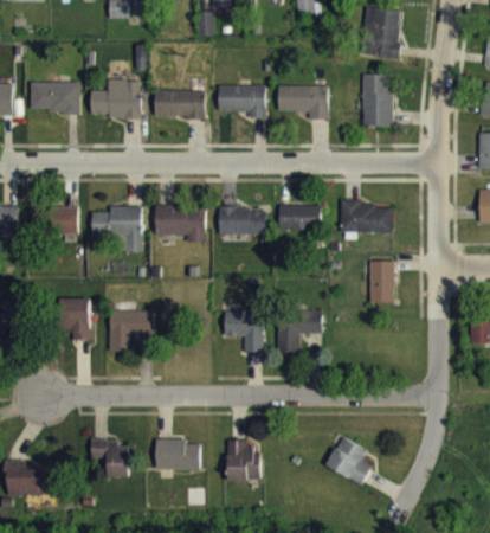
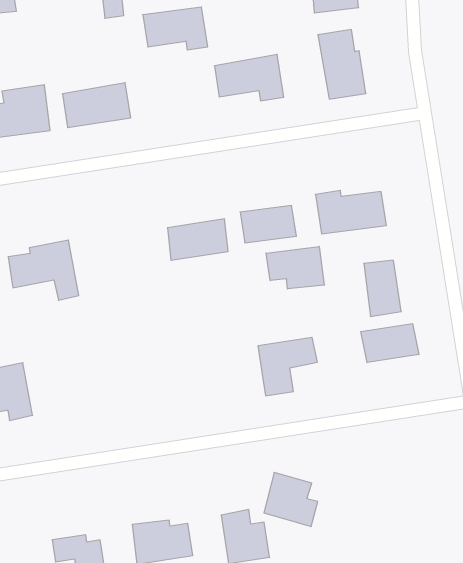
building: [218,84,265,117] -> [143,7,208,50]
building: [155,205,206,240] -> none
building: none -> [266,246,324,289]
building: [109,309,154,351] -> none
building: [224,309,264,352] -> none
building: none -> [361,324,419,363]
building: [327,436,370,483] -> [264,472,318,527]

